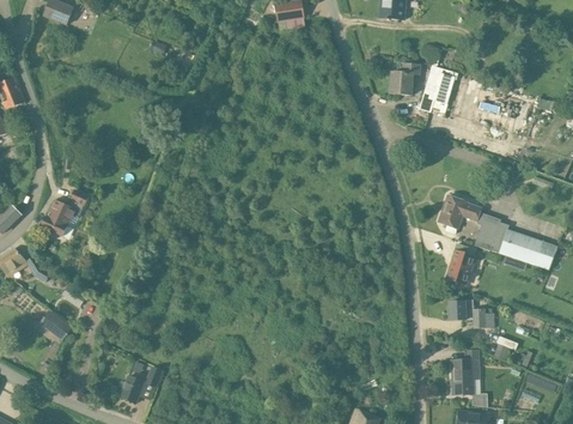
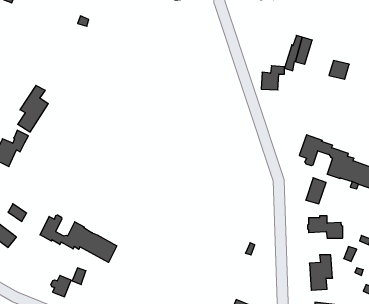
building: [389,62,419,93] -> [261,66,284,90]
building: none -> [18,85,48,132]
building: none -> [40,215,117,262]

